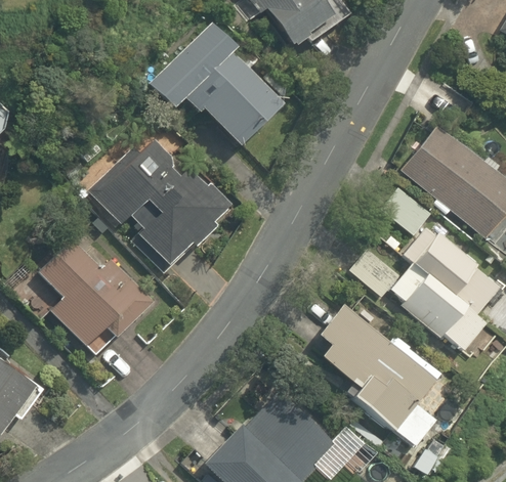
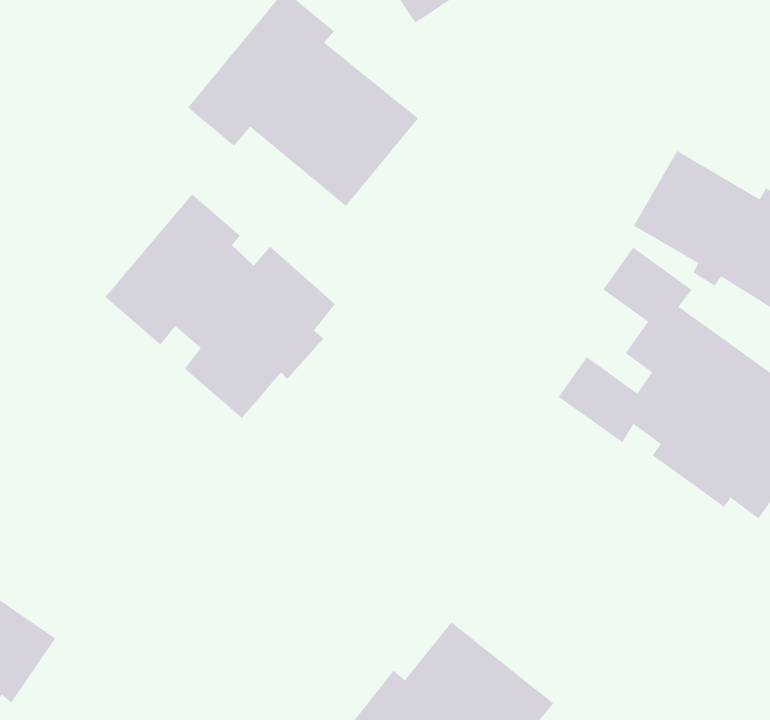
building: [39,230,156,352] -> none
building: [315,305,445,449] -> none

